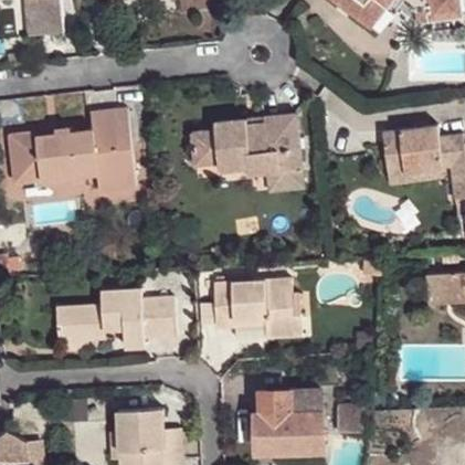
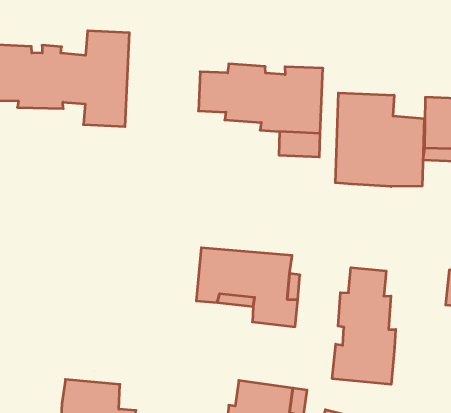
building: none -> [335,93,424,187]
building: none -> [332,268,396,384]
building: [55,288,173,351] -> none

